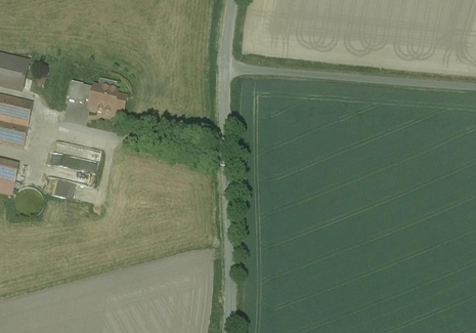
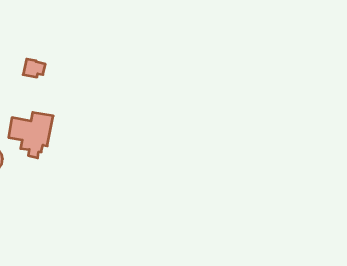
building: [87,84,125,114] -> none

